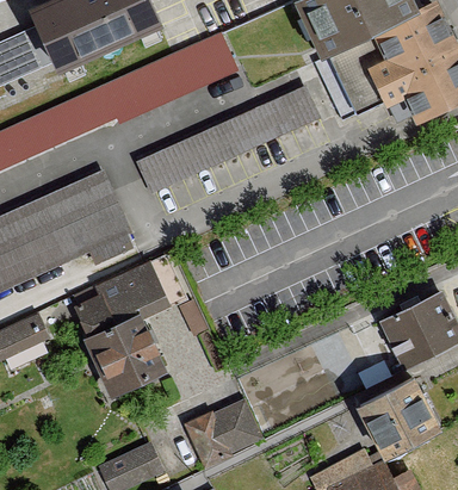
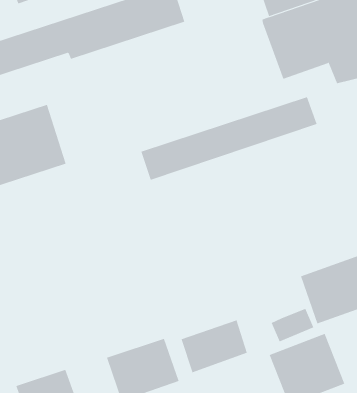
building: [137,87,317,191] -> [141,97,317,180]
building: [73,254,181,397] -> none
building: none -> [181,320,248,373]

